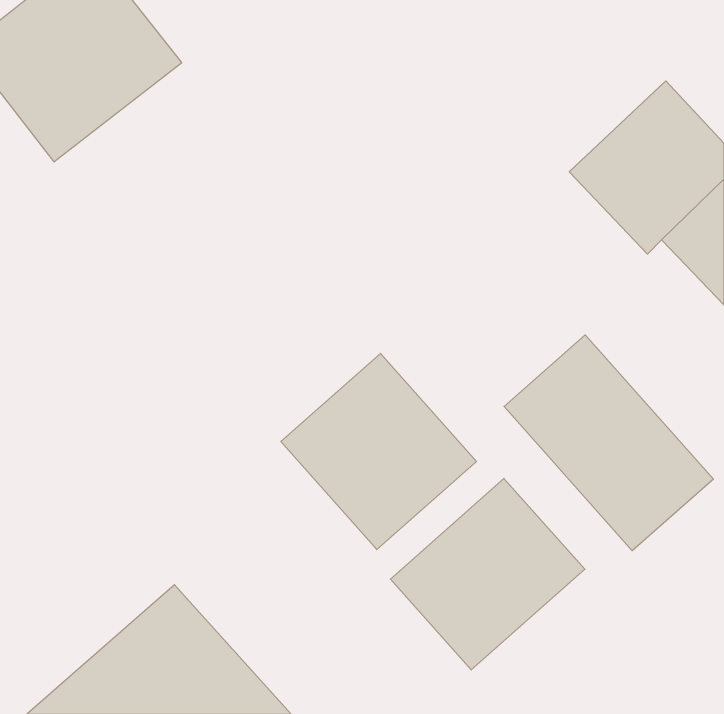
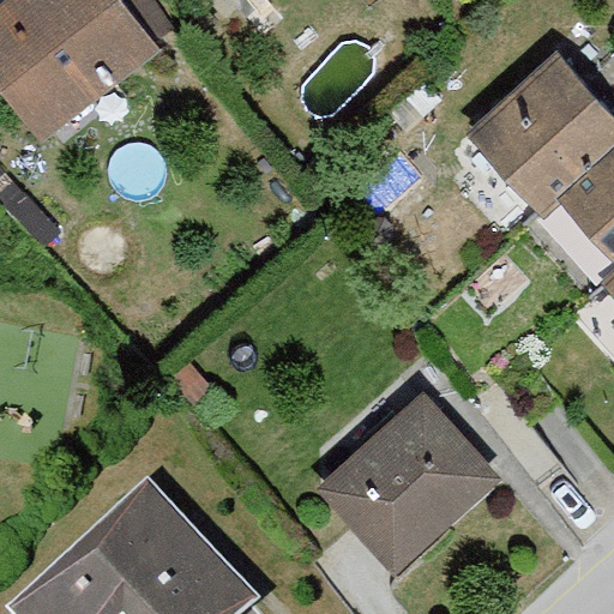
building: [504,335,713,551] -> none
building: [281,353,476,550] -> none

